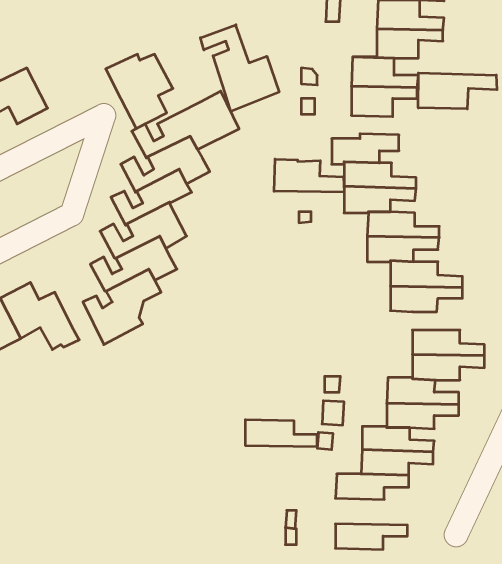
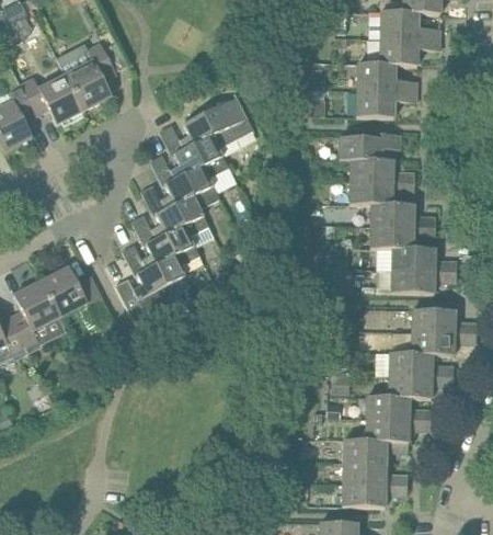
building: [200,25,279,112] -> none
building: [106,54,173,129] -> [56,43,116,110]
building: [418,73,497,109] -> none
building: [274,159,344,192] -> none
building: [245,420,317,447] -> [342,460,406,485]

